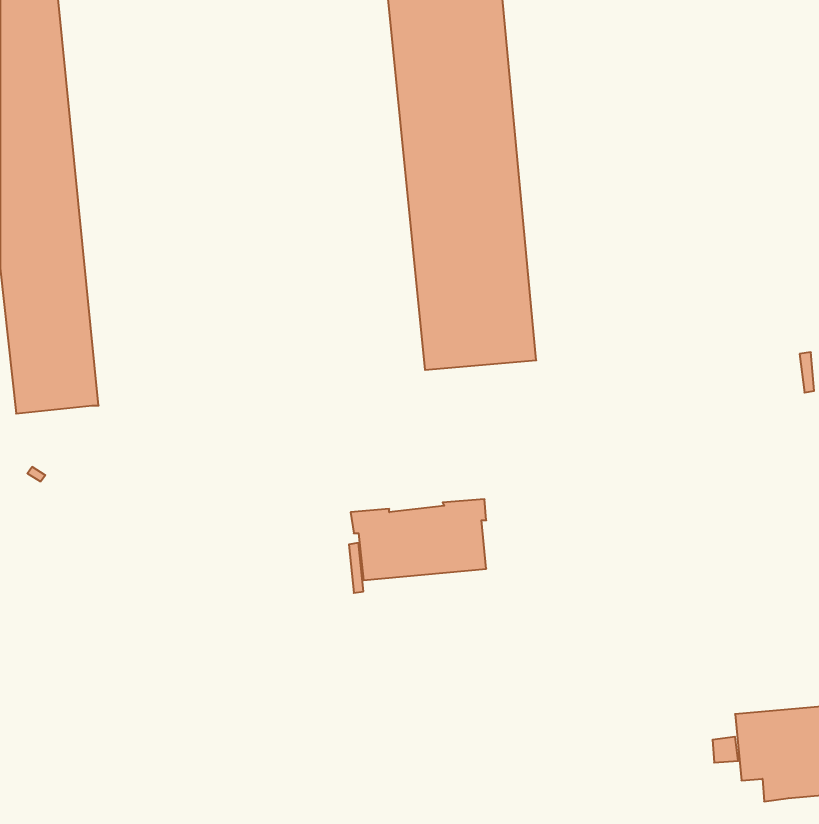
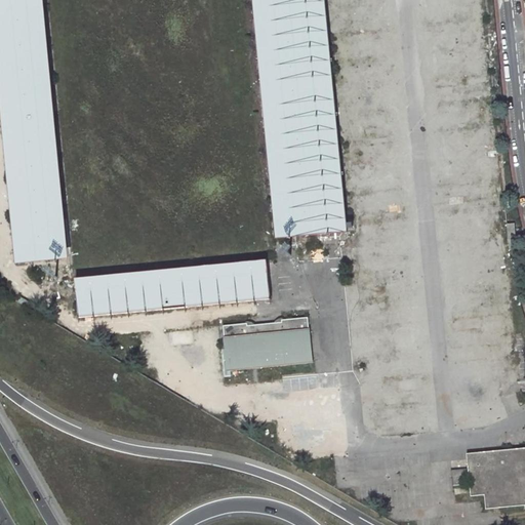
building: none -> [73,258,270,316]

